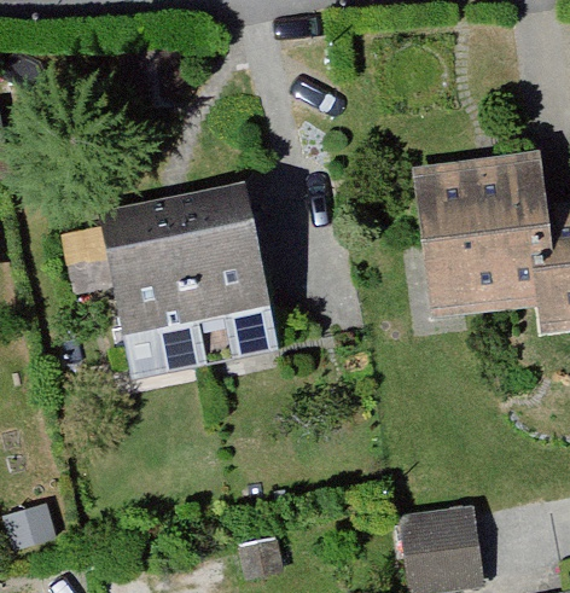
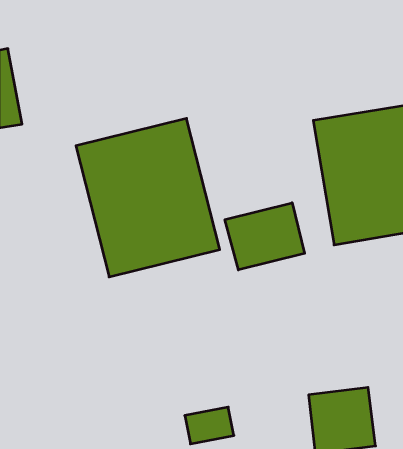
building: none -> [225,203,305,270]

